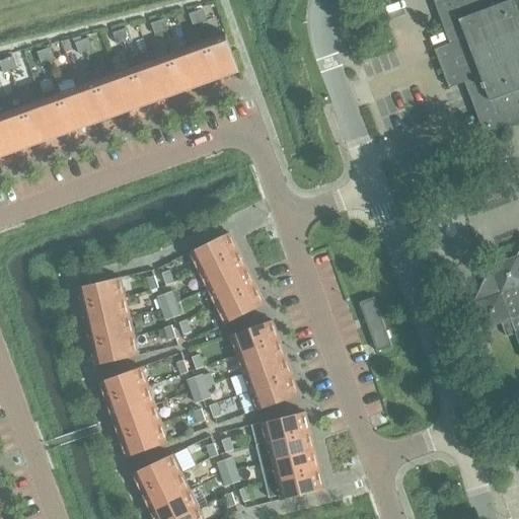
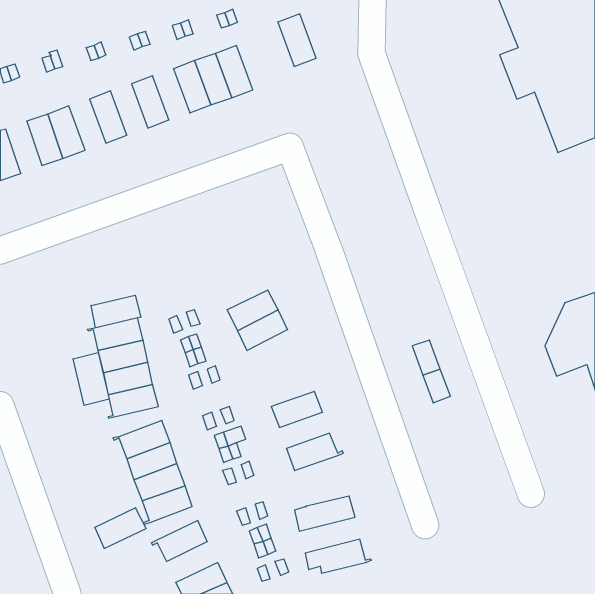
building: [206,32,239,78] -> [278,14,316,66]
building: [133,60,165,104] -> none
building: [96,73,129,118] -> none
building: [58,77,92,131] -> none
building: [5,105,36,151] -> none
building: [189,232,233,270] -> none
building: none -> [91,295,141,328]
building: [215,287,265,323] -> none
building: none -> [73,353,109,405]
building: [229,319,274,354] -> none
building: [243,359,287,390] -> none
building: [251,411,305,444] -> none
building: [261,450,313,481] -> none
building: [145,471,190,507] -> [95,508,146,548]

